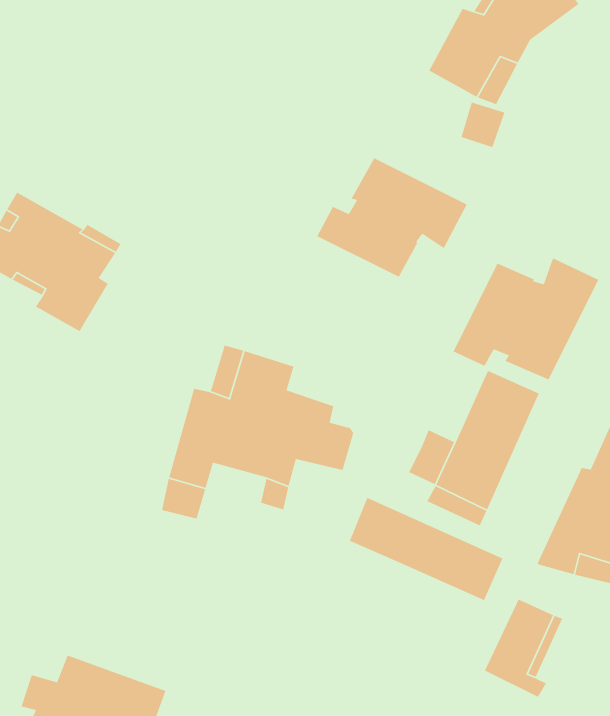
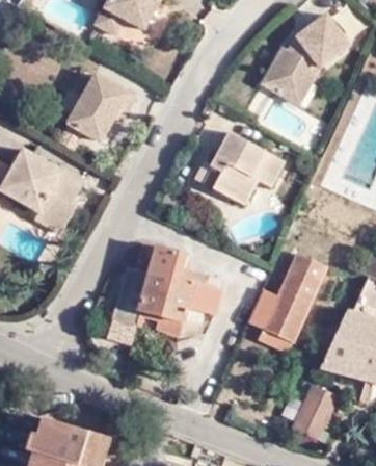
building: none -> [60,77,135,154]
building: [453,257,599,380] -> none
building: [349,497,504,601] -> none

